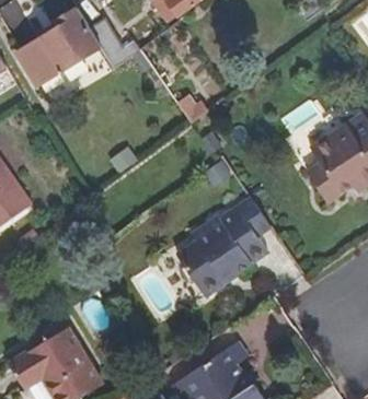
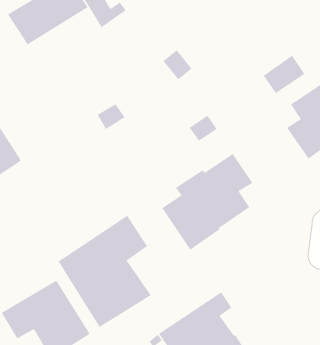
building: none -> [58,215,151,328]

